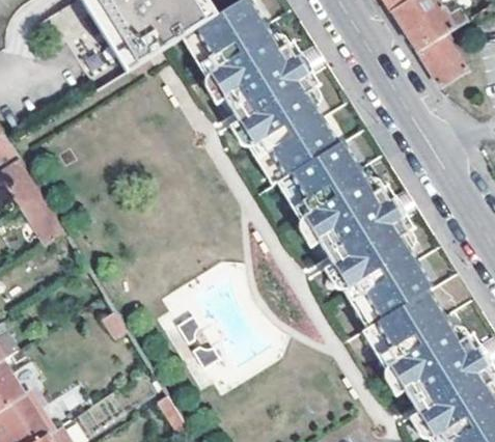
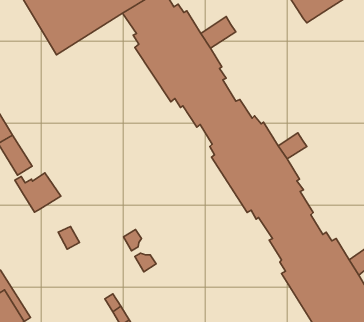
building: [416,29,465,84] -> none
building: none -> [15,173,61,212]

